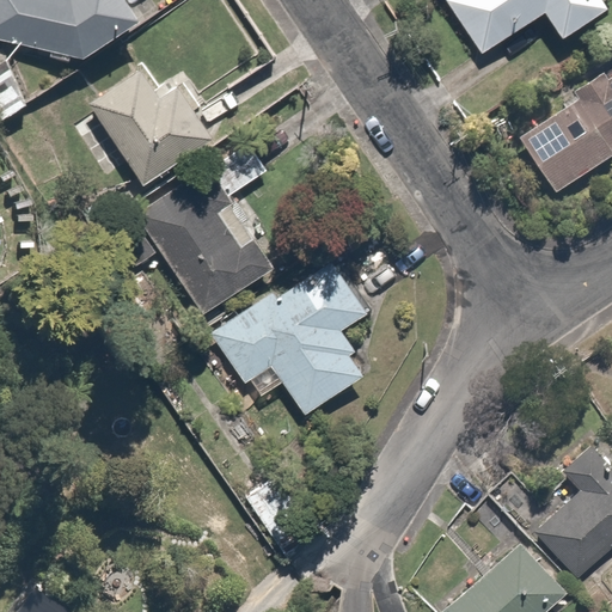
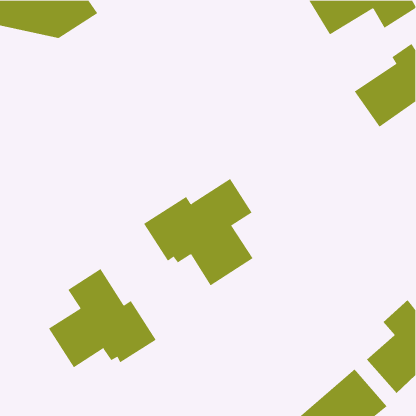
building: [90,71,210,182] -> none
building: [143,173,271,307] -> none
building: none -> [48,268,157,368]

